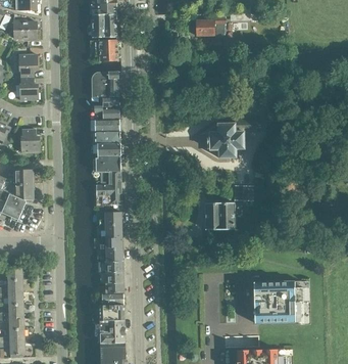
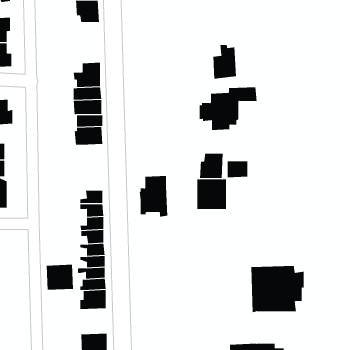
building: [92,71,118,96] -> none
building: none -> [213,44,236,80]
building: [95,170,121,208] -> [139,175,168,217]
building: none -> [199,153,223,179]
building: [99,319,125,343] -> [46,264,74,290]

